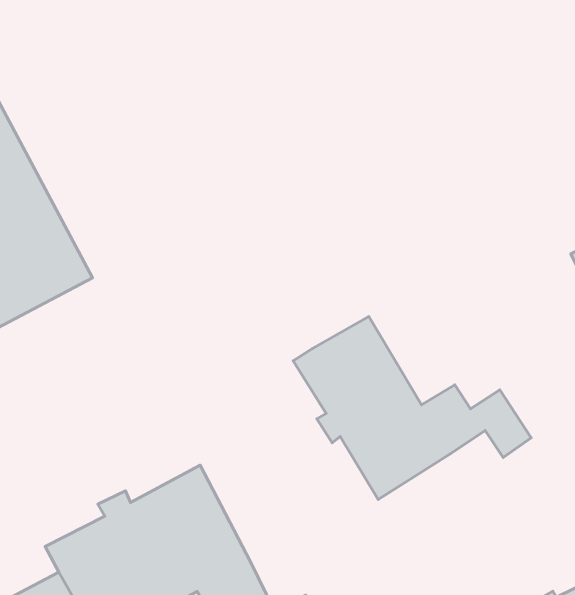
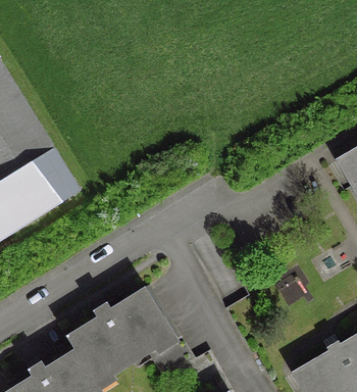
building: [293,317,531,500] -> none

